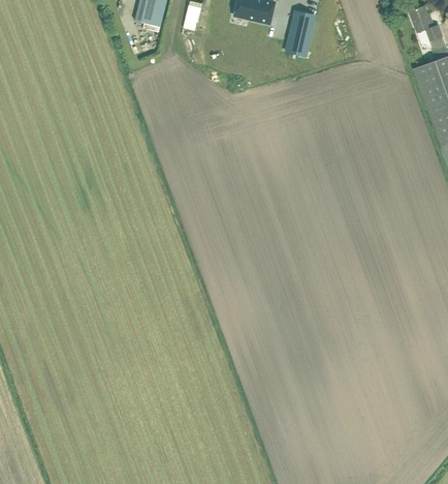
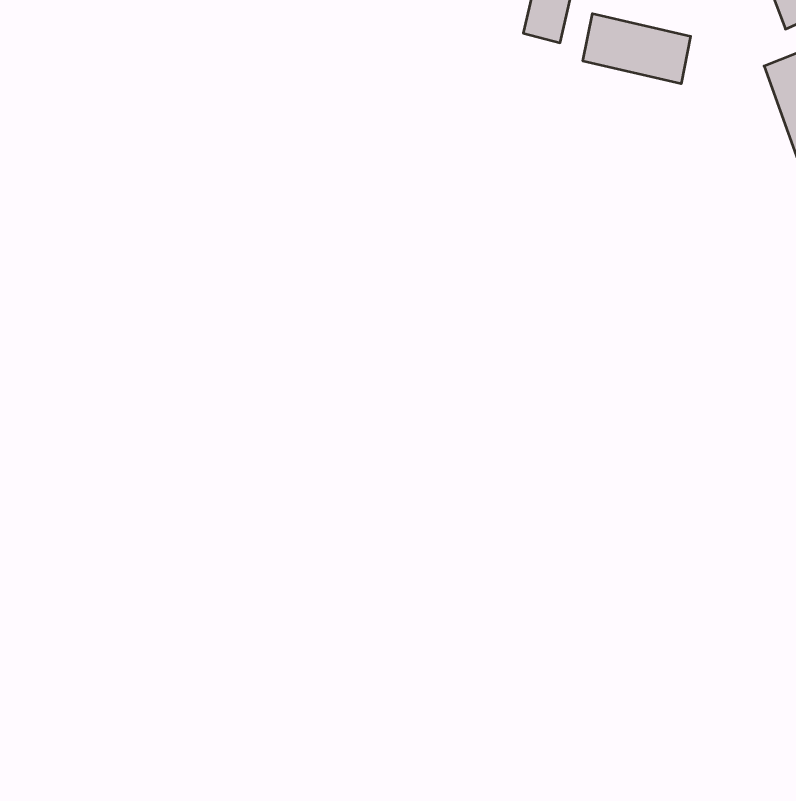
building: none -> [583,14,691,84]

